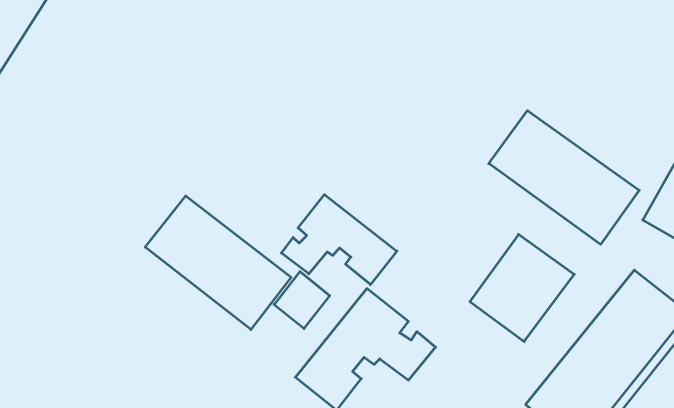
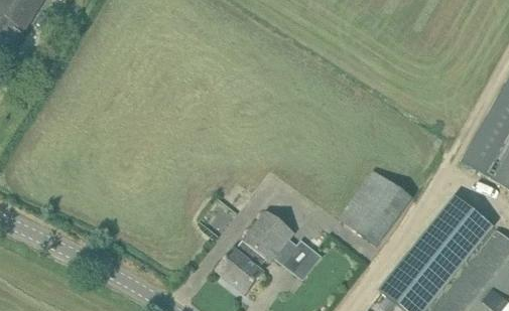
building: [489,111,639,244] -> none
building: [281,195,397,285] -> none
building: [145,196,291,330] -> none

